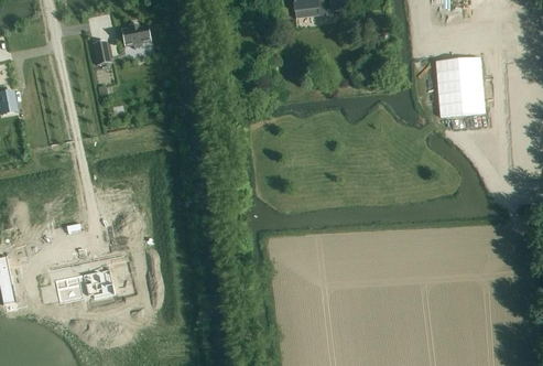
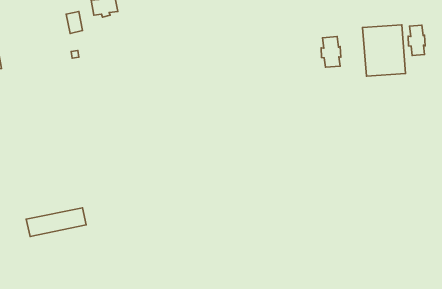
building: none -> [408,25,425,56]
building: none -> [321,37,341,67]

